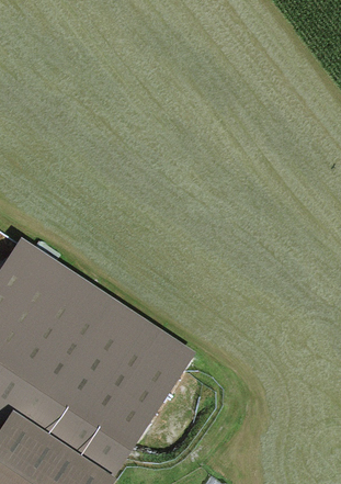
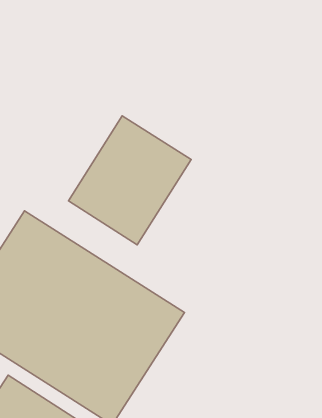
building: none -> [68,116,191,245]

